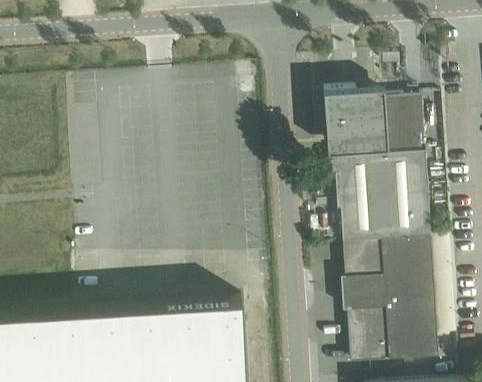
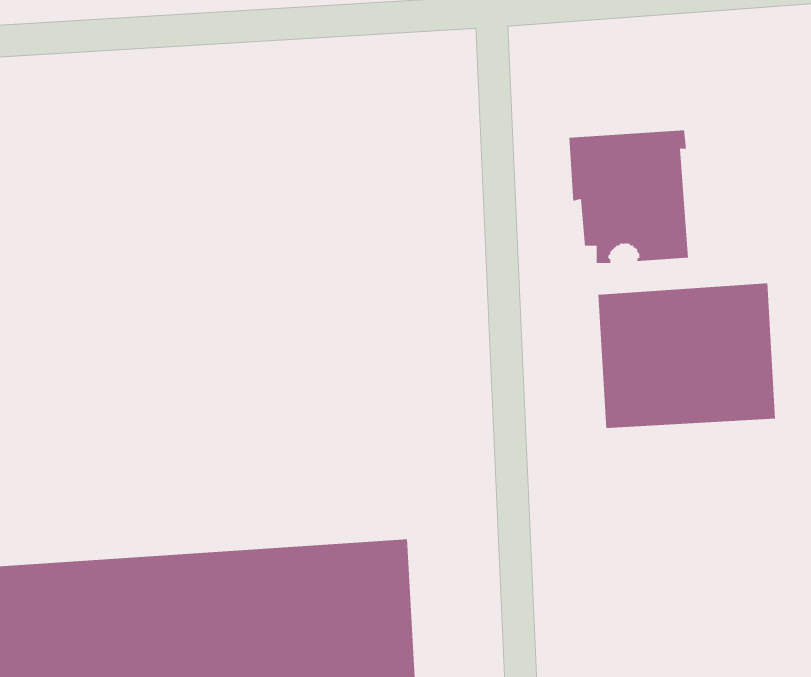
building: [328,98,426,176] -> none
building: [342,239,437,365] -> none

